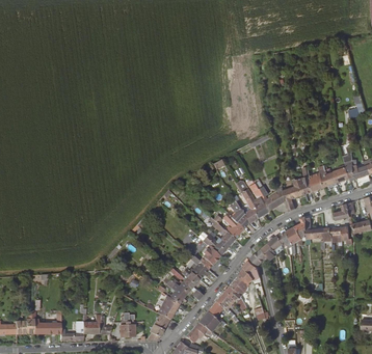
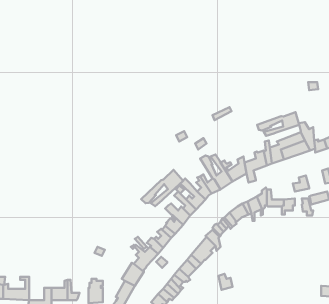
building: none -> [257,112,299,136]
building: none -> [141,170,183,206]

